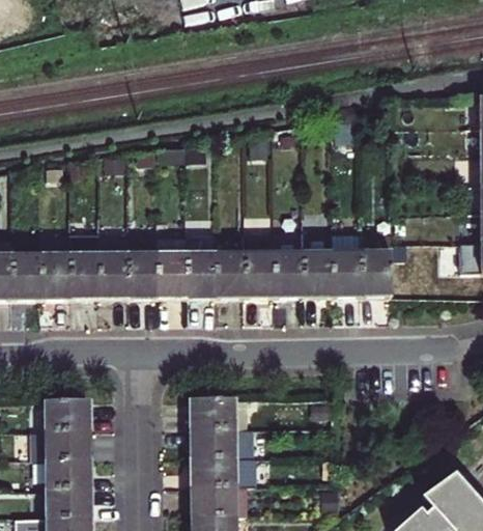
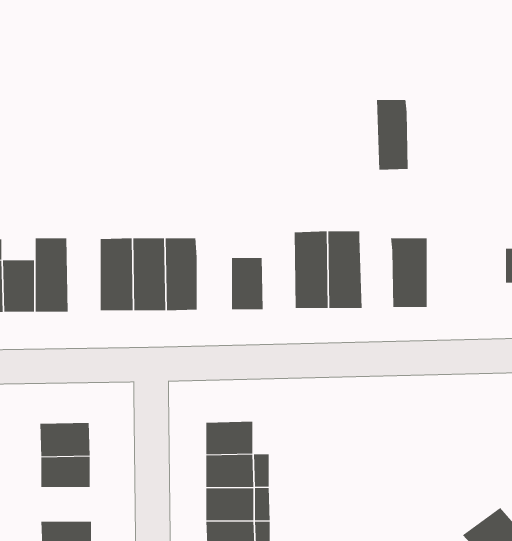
building: [243,229,272,299] -> none
building: [68,231,97,301] -> none
building: [330,234,359,298] -> [376,99,409,170]
building: [184,252,215,299] -> none
building: [45,457,90,487] -> none

